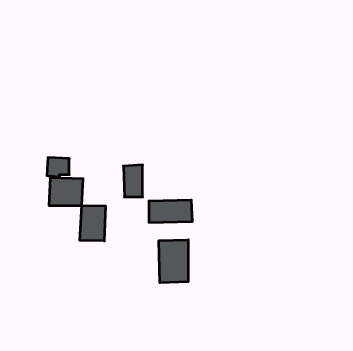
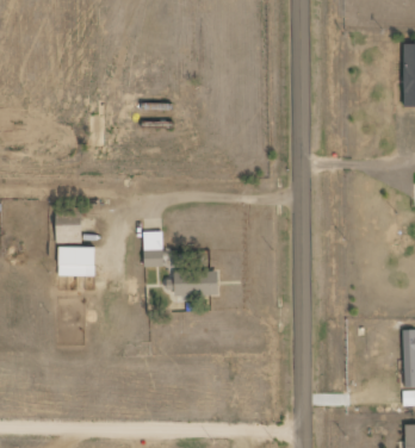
building: [80,205,105,241] -> none
building: [159,240,188,283] -> none

